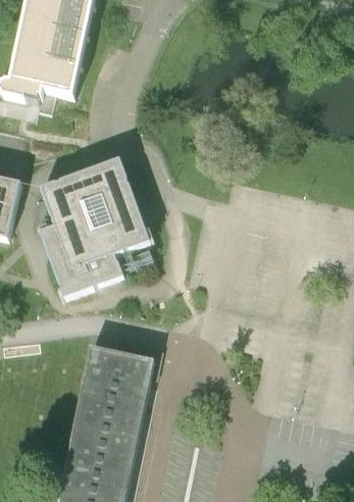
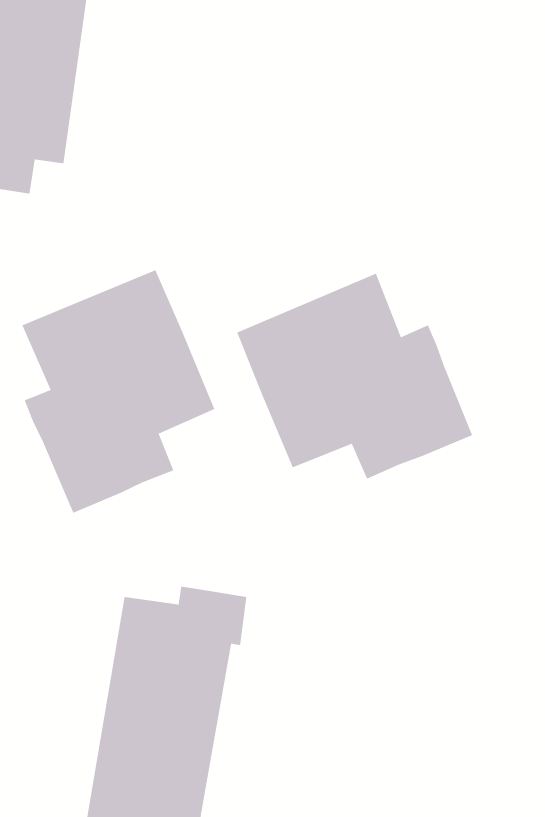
building: none -> [237,273,473,479]

